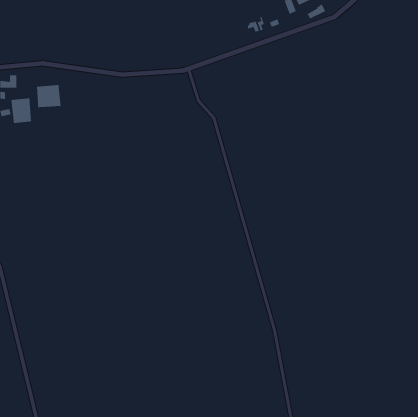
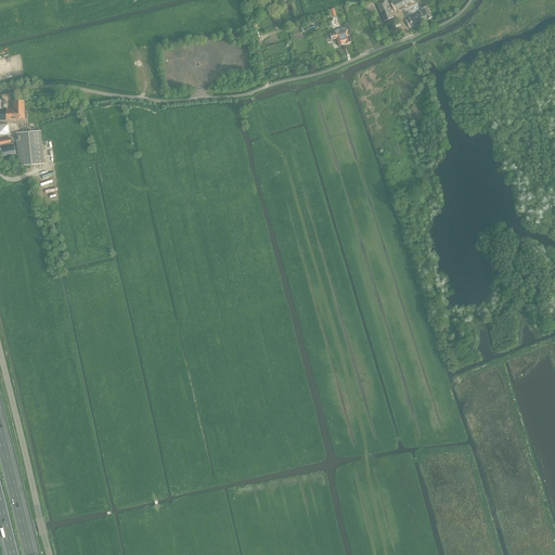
building: [36,84,62,108] -> none

